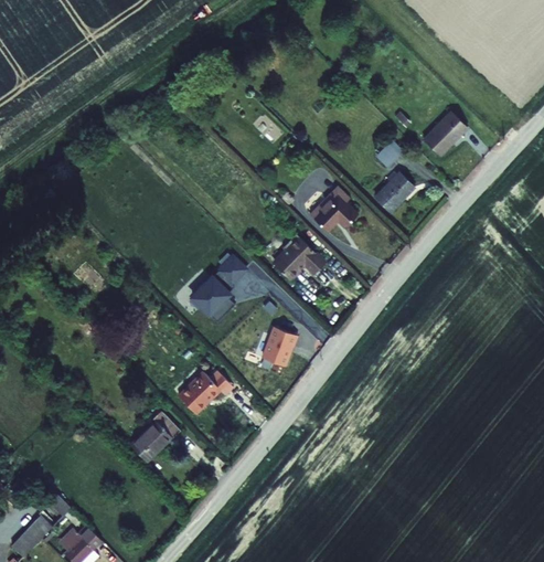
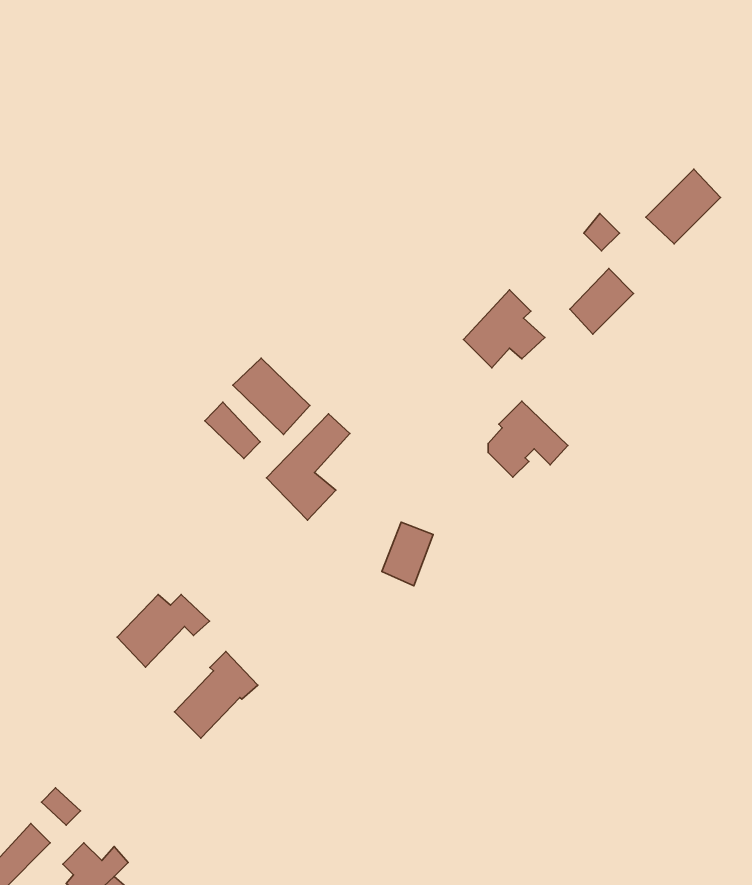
building: none -> [233,358,310,435]
building: [276,235,326,283] -> [488,401,568,477]
building: none -> [205,402,260,459]
building: [177,370,234,415] -> [117,595,209,667]

